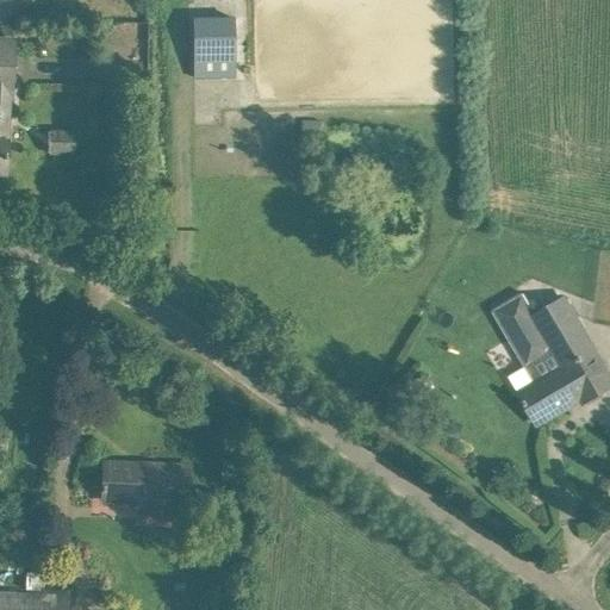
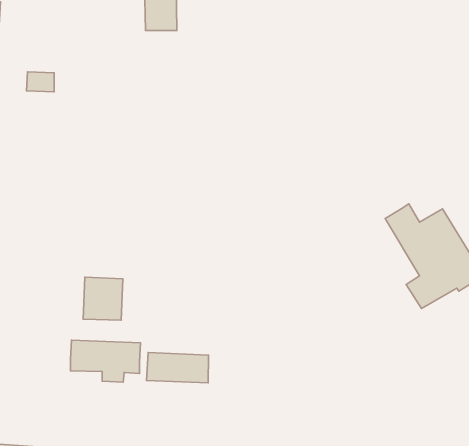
building: none -> [83,277,123,320]
building: none -> [147,353,208,383]

